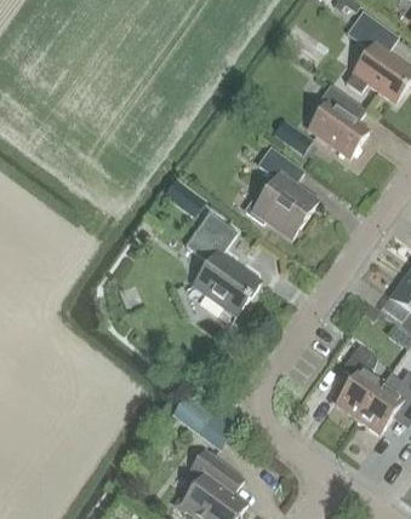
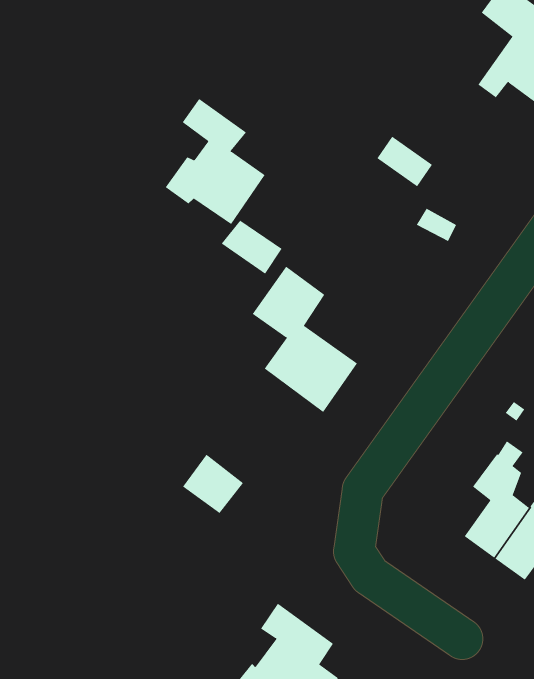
building: [309,82,369,156] -> none
building: [246,146,318,236] -> [165,98,266,225]
building: [173,391,217,433] -> [182,454,244,514]

